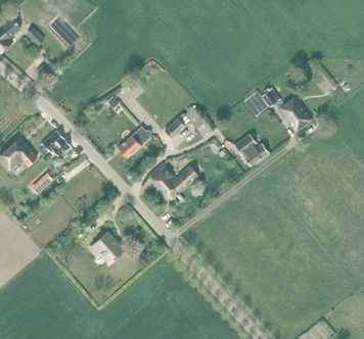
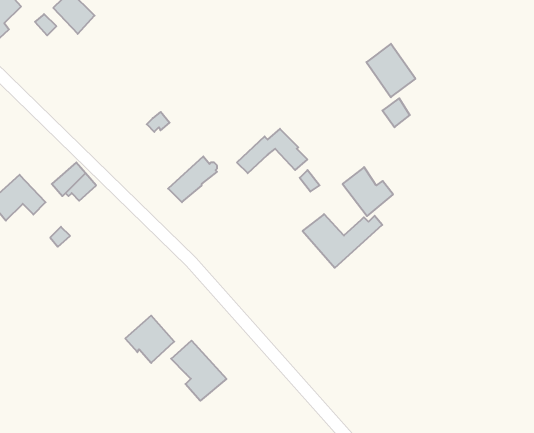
building: [279,96,312,132] -> [366,44,415,97]
building: [149,163,202,199] -> [303,214,382,268]
building: none -> [171,341,226,401]

